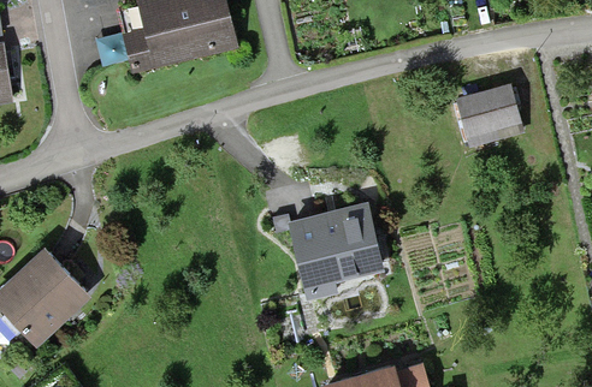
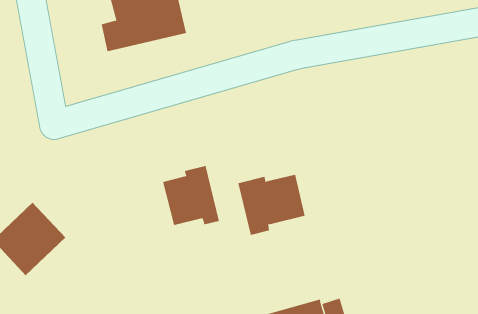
building: [458,84,516,131] -> none
building: none -> [163,165,219,226]

